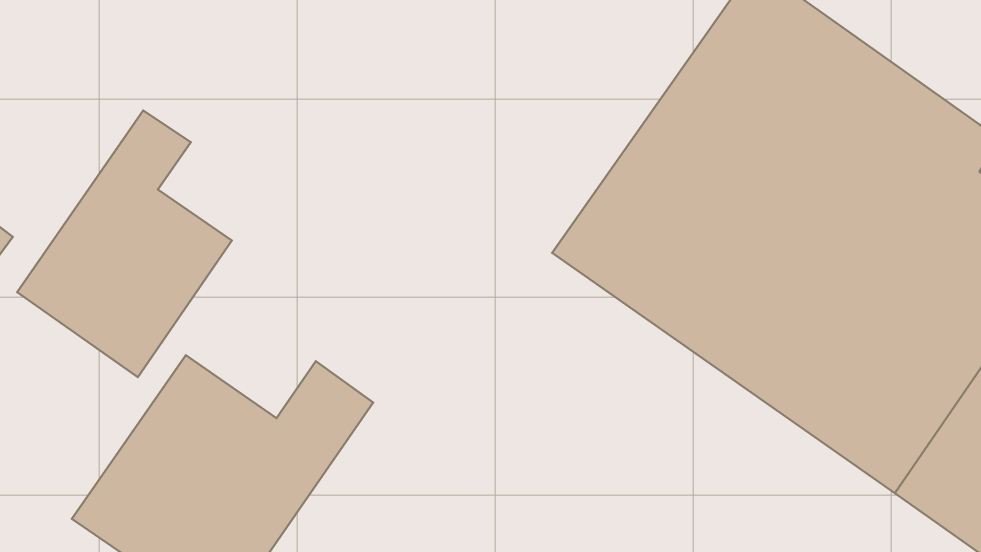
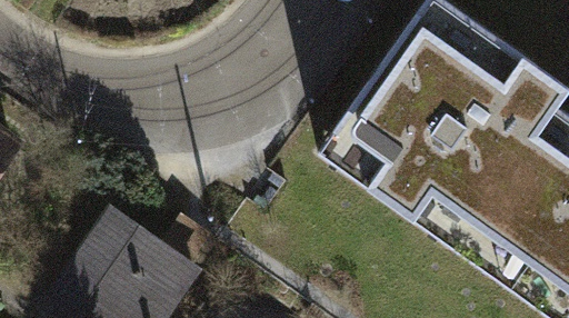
building: [17,111,232,377] -> none

